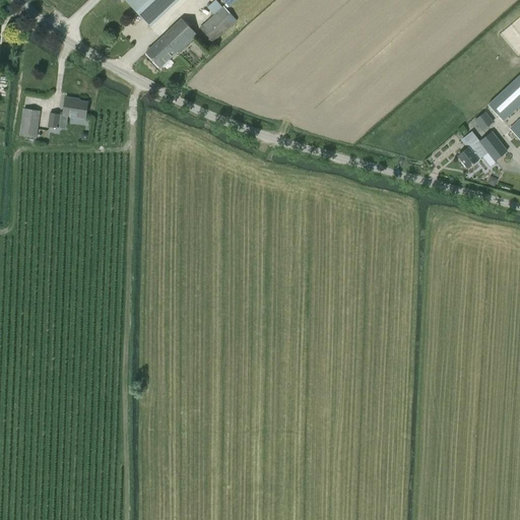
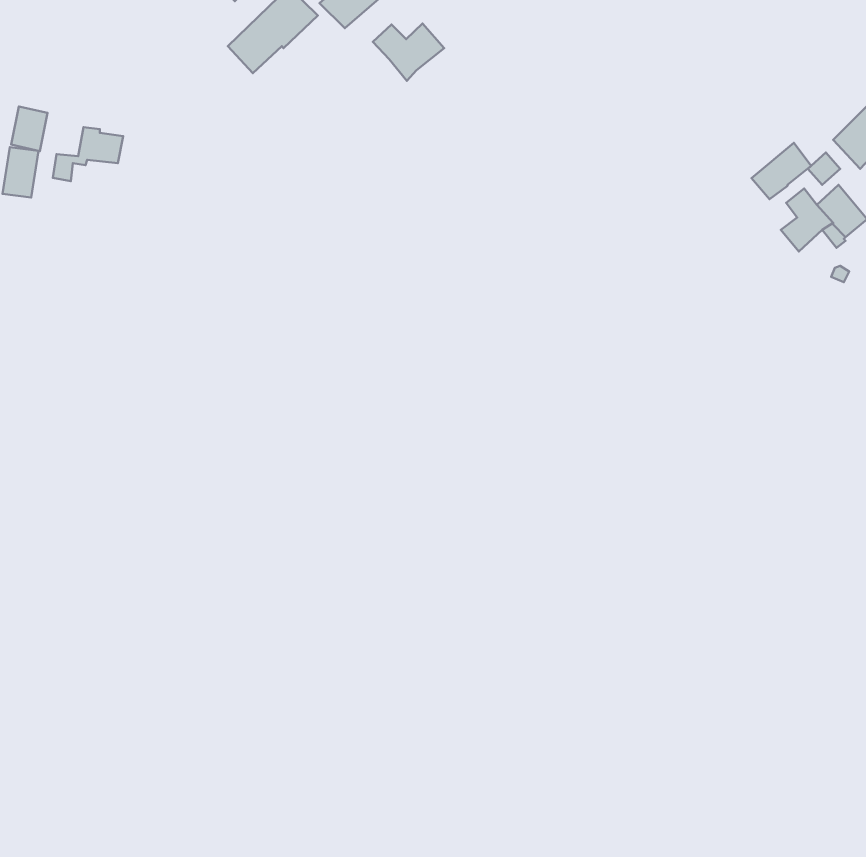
building: none -> [373,24,444,81]
building: none -> [11,106,48,151]
building: none -> [752,143,811,199]

